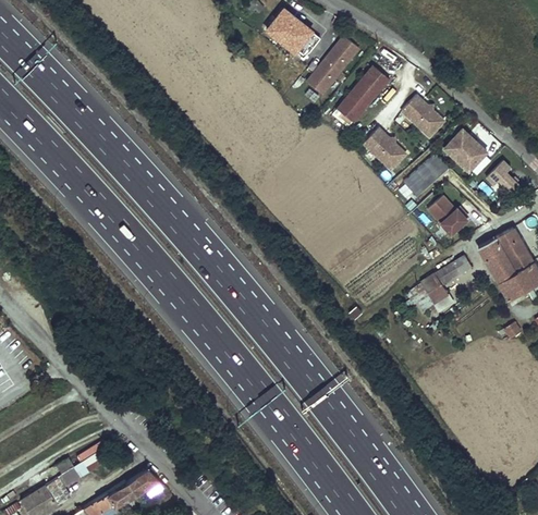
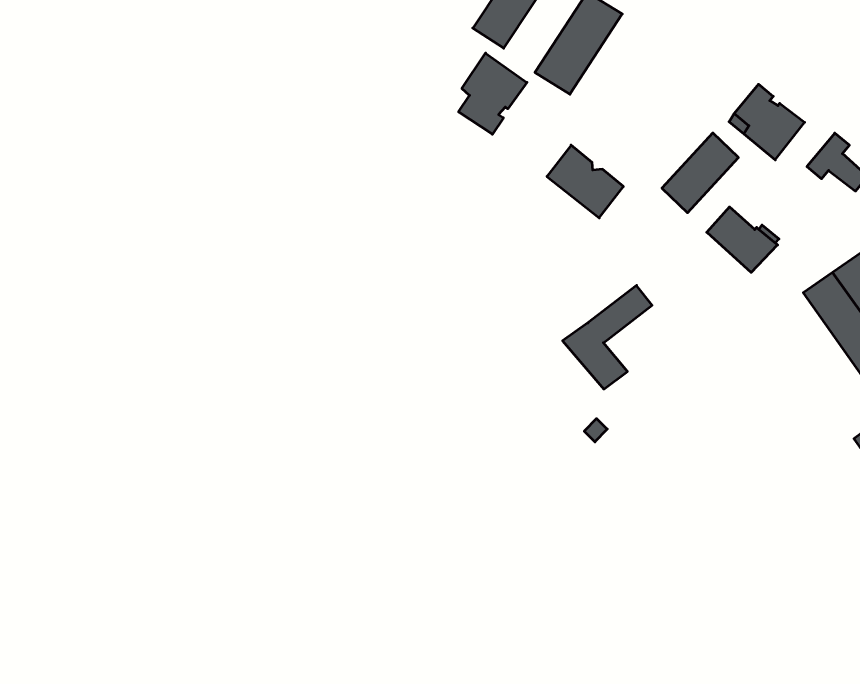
building: [403,94,447,136] -> none
building: none -> [459,53,527,134]
building: [363,128,405,171] -> [547,145,623,218]
building: [419,256,472,312] -> [563,285,652,389]

